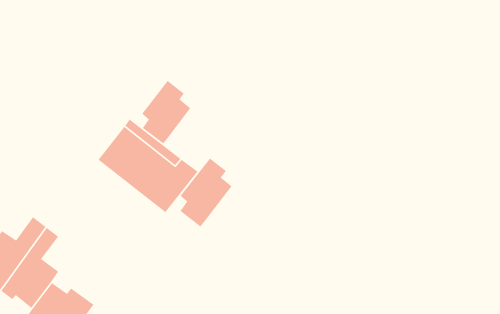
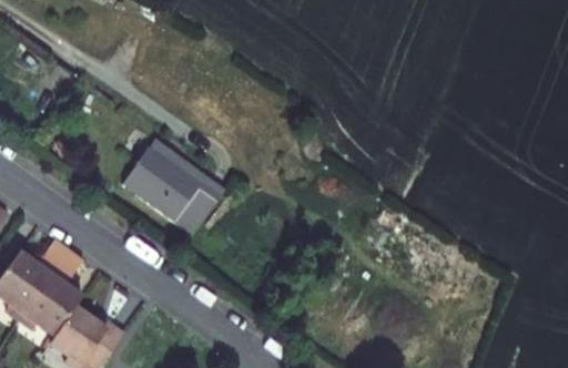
building: [141,80,191,145] -> none
building: [179,157,232,228] -> none

